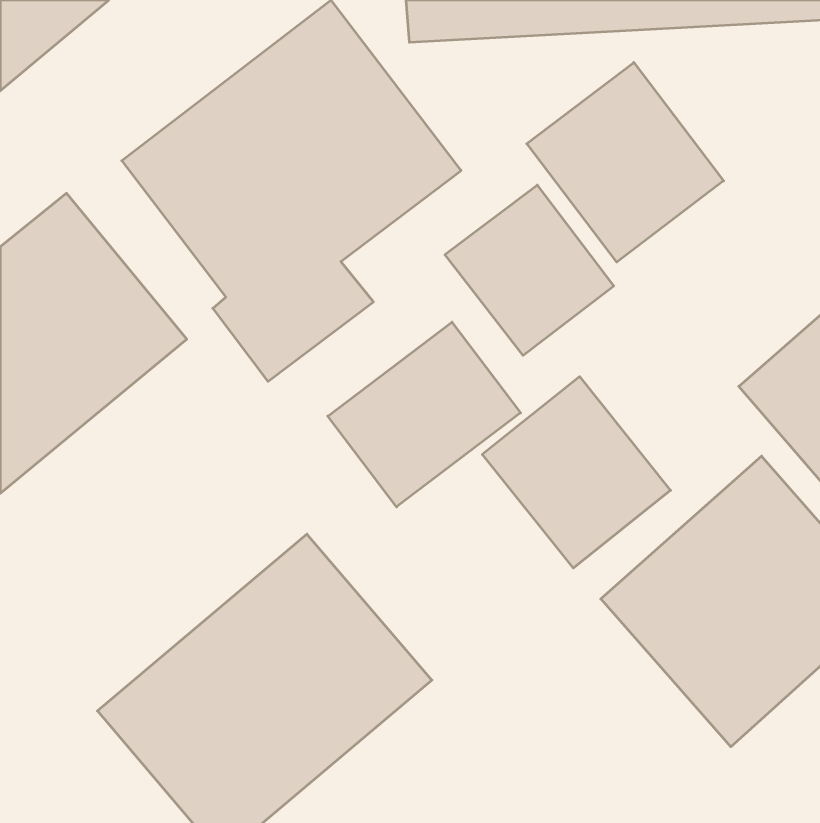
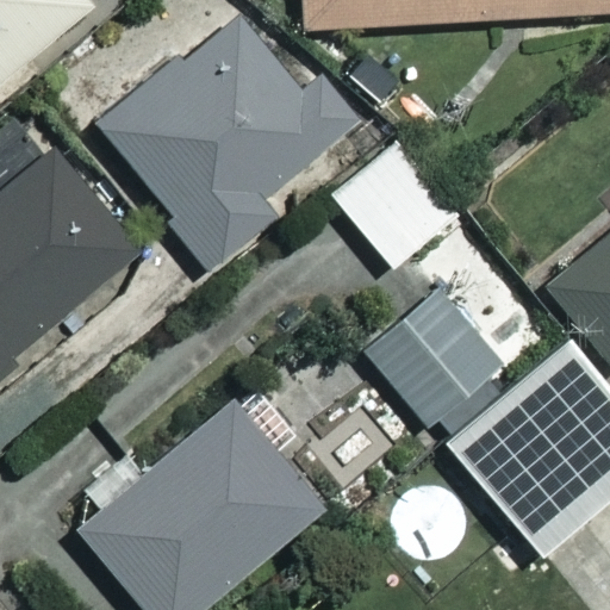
building: [527,62,724,262] -> none
building: [328,322,521,507] -> none

